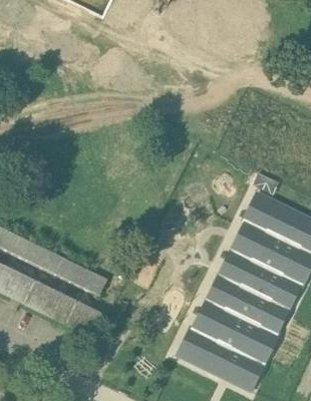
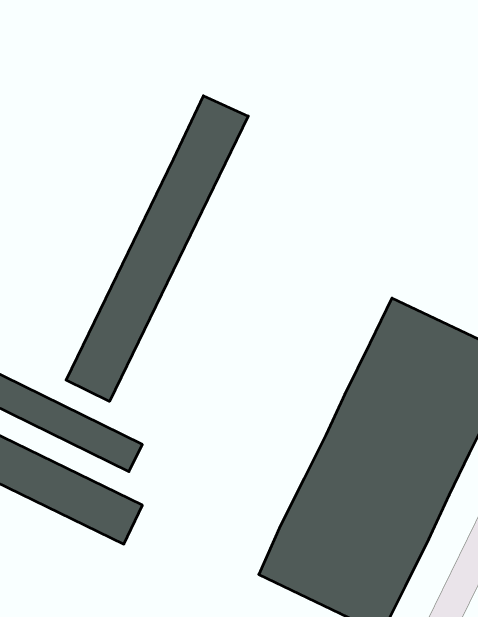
building: none -> [66,96,248,401]

